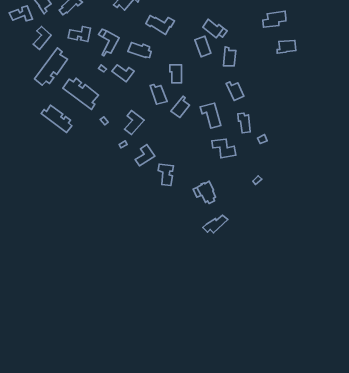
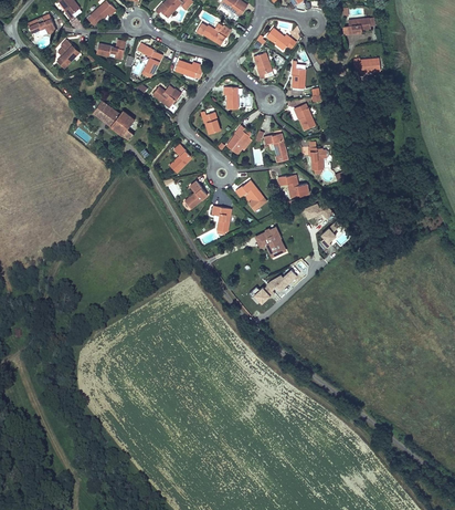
building: [34,48,67,85] -> none
building: [41,105,72,133] -> none
building: none -> [234,180,266,211]

